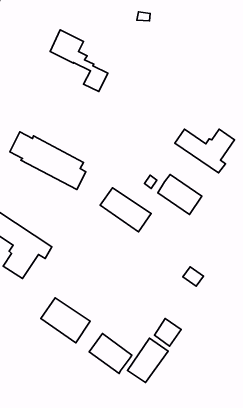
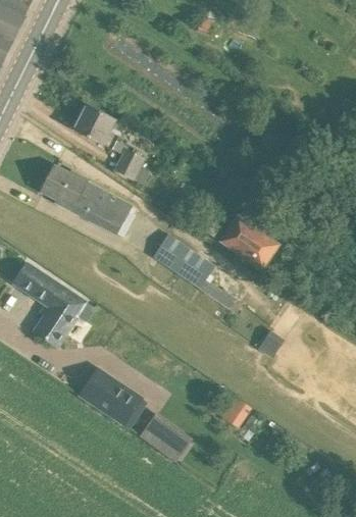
building: [50,30,108,92] -> [73,104,144,179]
building: [175,129,234,173] -> none
building: [127,338,168,383] -> none

